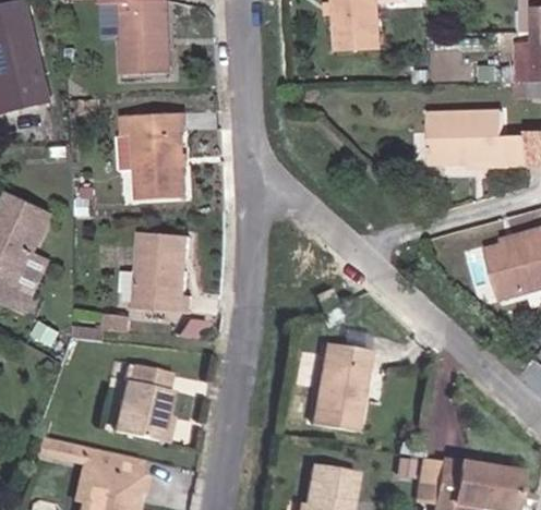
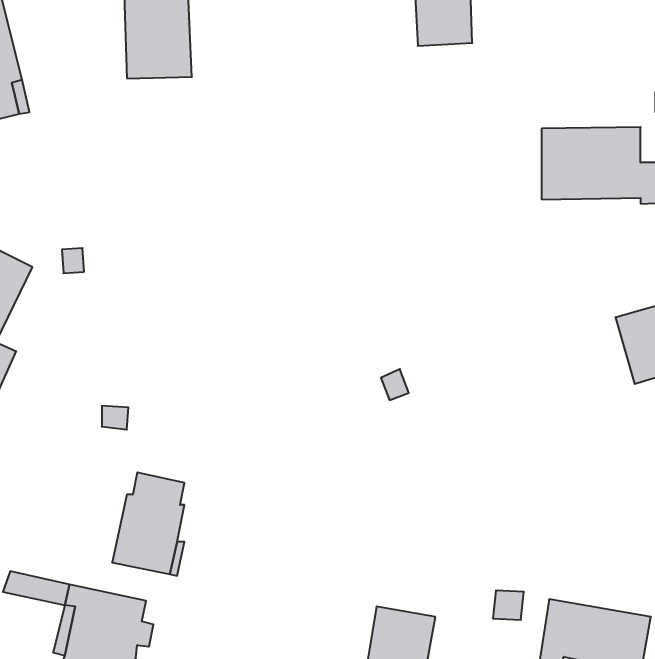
building: [123,113,184,197] -> none
building: [133,232,191,312] -> none
building: [310,348,361,434] -> none

